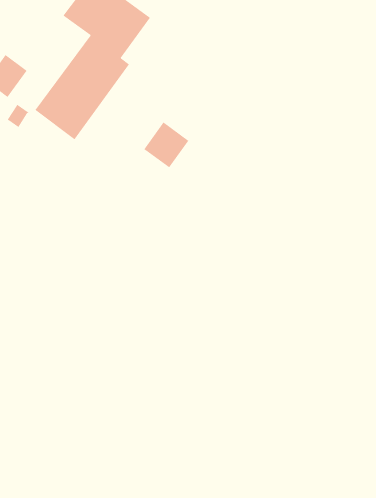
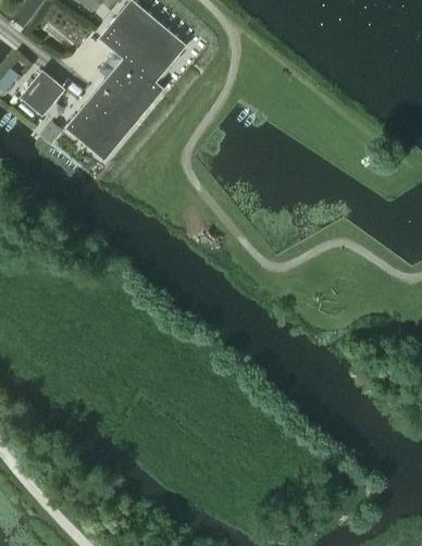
building: [143,122,189,168] -> none

